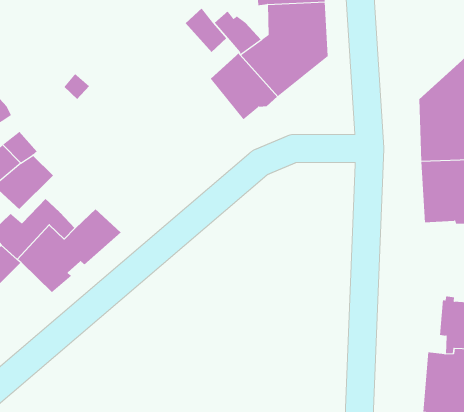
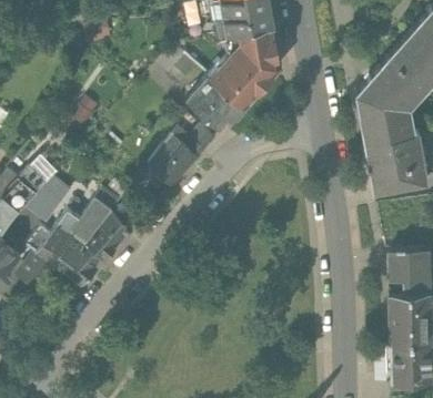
building: none -> [148,126,215,187]
building: none -> [81,190,119,233]

